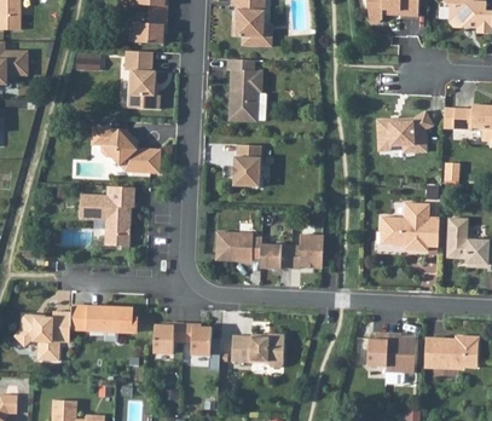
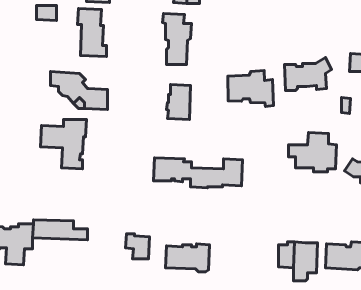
building: none -> [228,71,274,107]
building: [154,324,184,354] -> none

